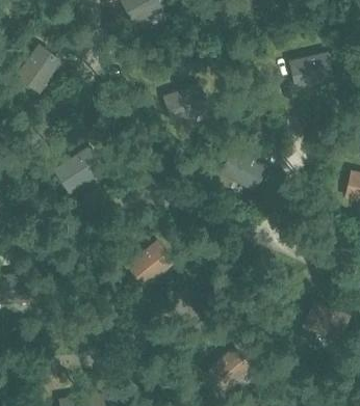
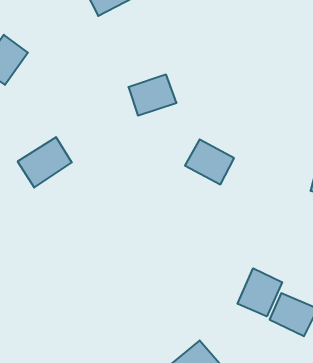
building: [289,52,333,90] -> none
building: [125,241,175,288] -> none
building: none -> [238,268,282,316]

